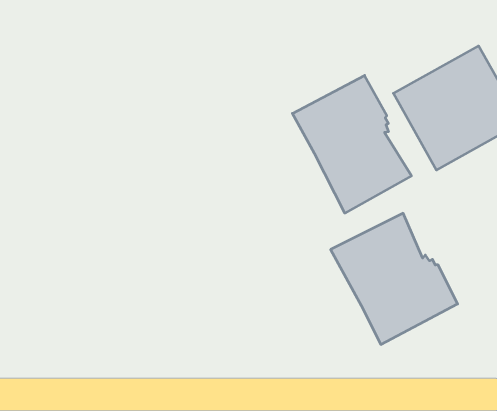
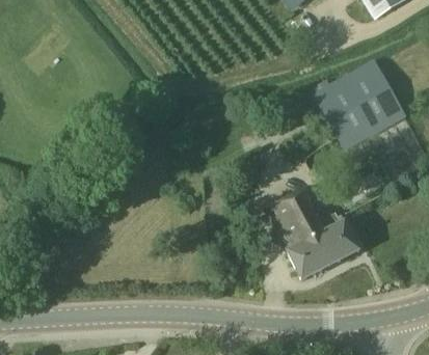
building: [292,75,411,213] -> none

